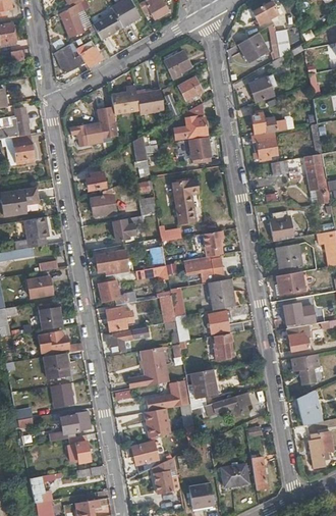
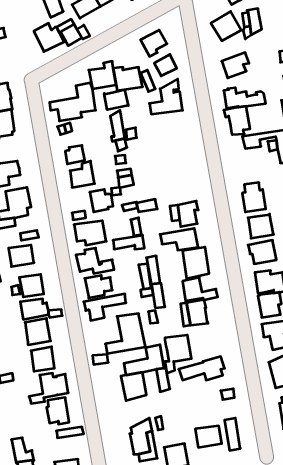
building: none -> [104,90,128,110]
building: [188,136,212,162] -> none
building: [172,178,199,223] -> none
building: [131,441,158,464] -> none

